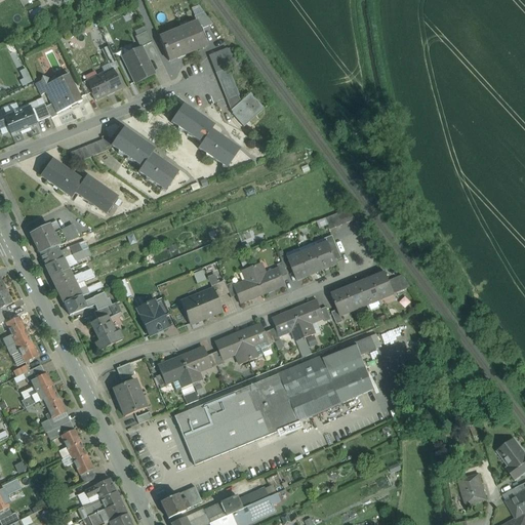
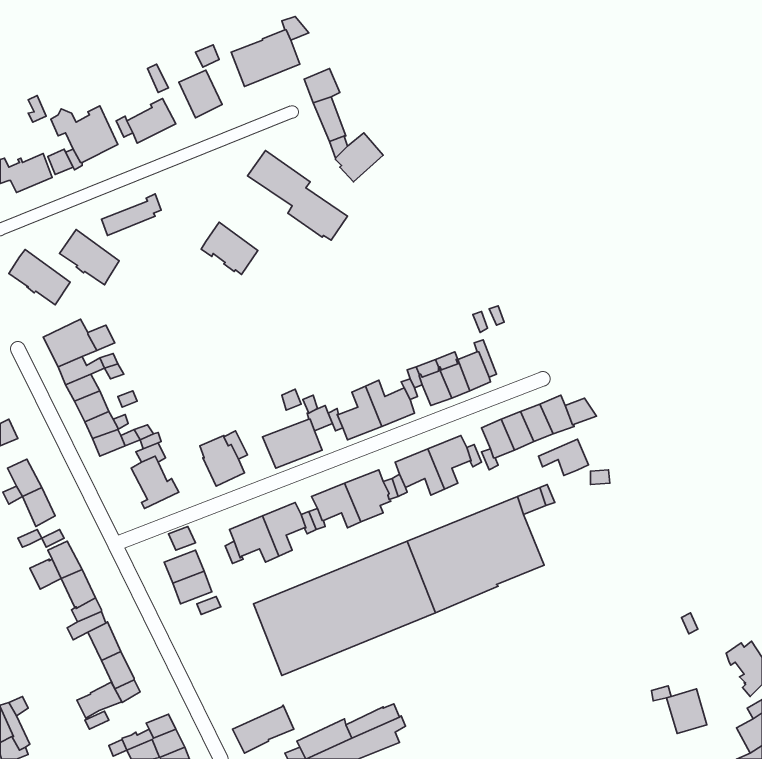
building: [111,127,154,166] -> none
building: [75,174,117,212] -> [9,250,70,305]
building: none -> [538,439,588,475]
building: [85,478,116,502] -> [77,682,122,718]

